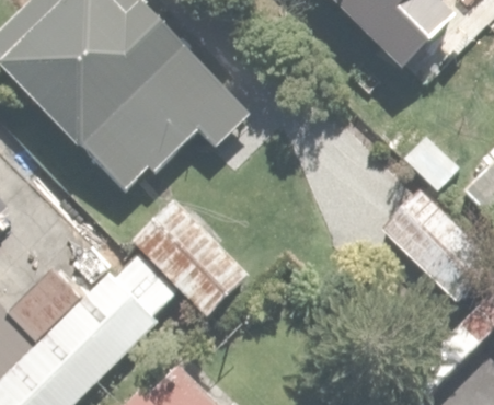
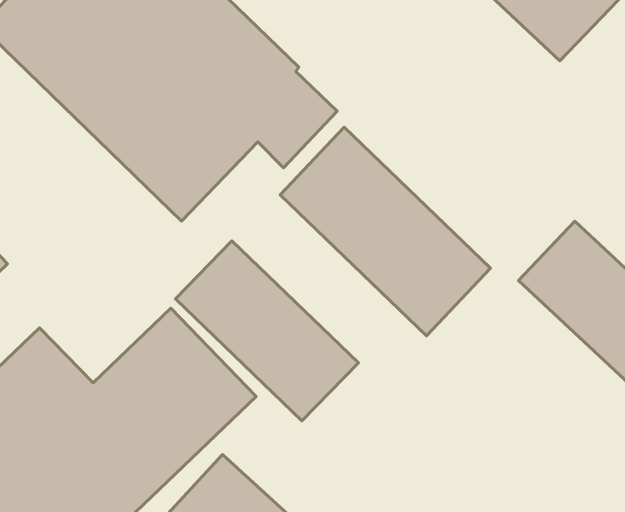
building: none -> [280,127,491,336]

